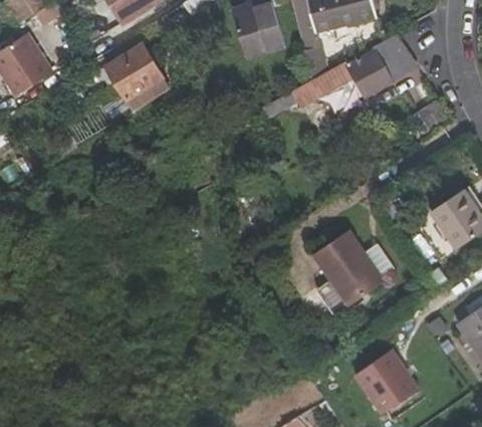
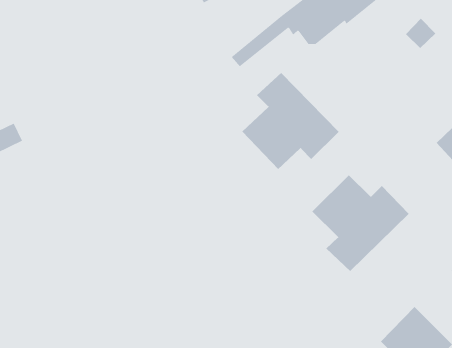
building: [106,46,164,102] -> none
building: none -> [241,72,339,170]

